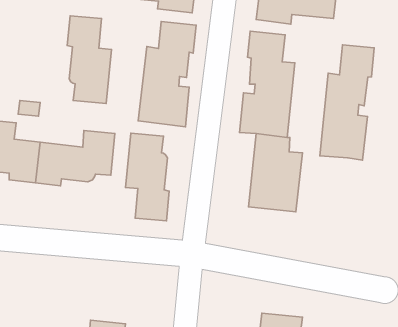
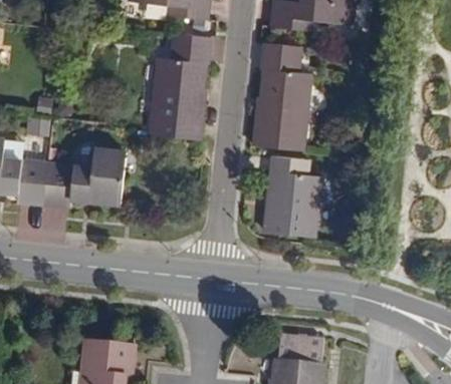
building: [67,16,111,103] -> none
building: [320,45,374,160] -> none
building: [125,133,169,221] -> none

